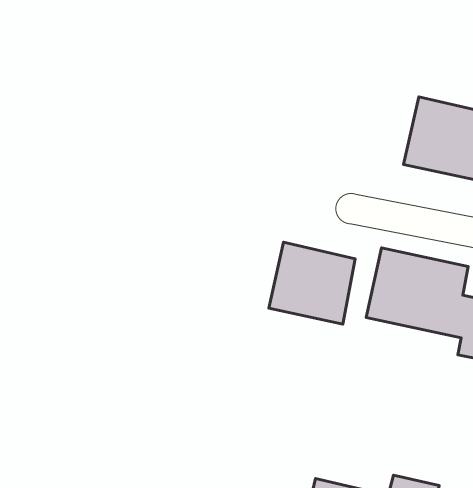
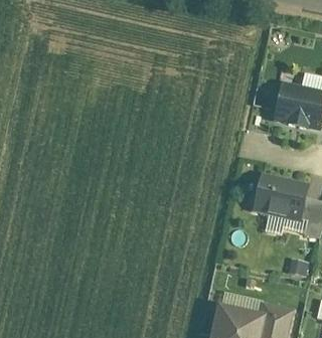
building: [269,242,355,324] -> none

